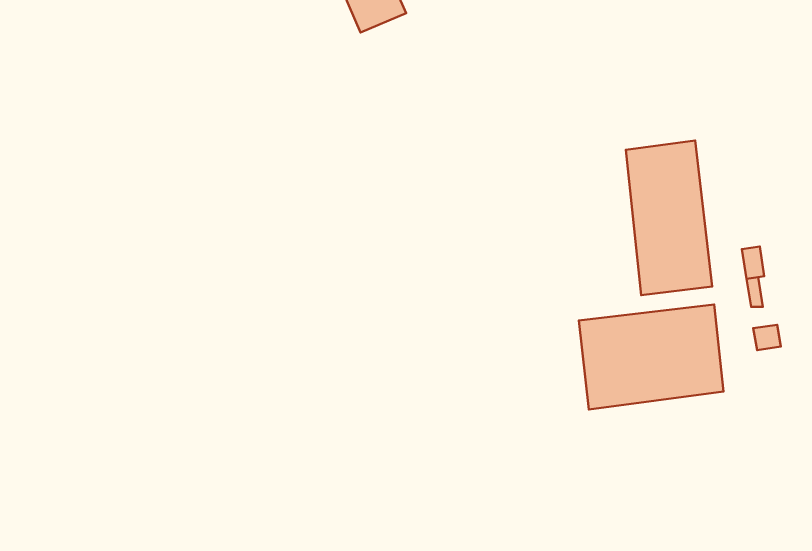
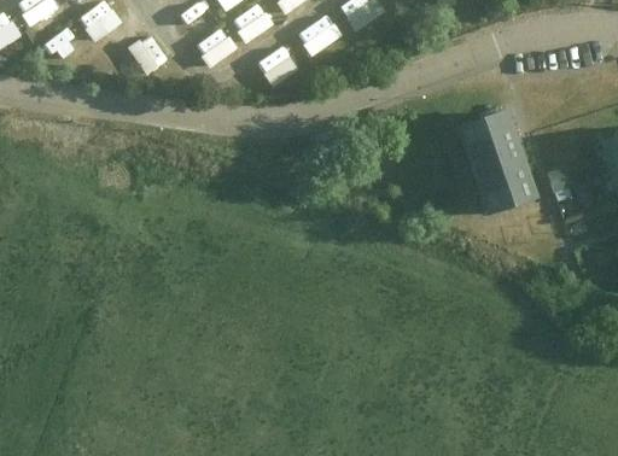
building: [579,305,723,410] -> none

